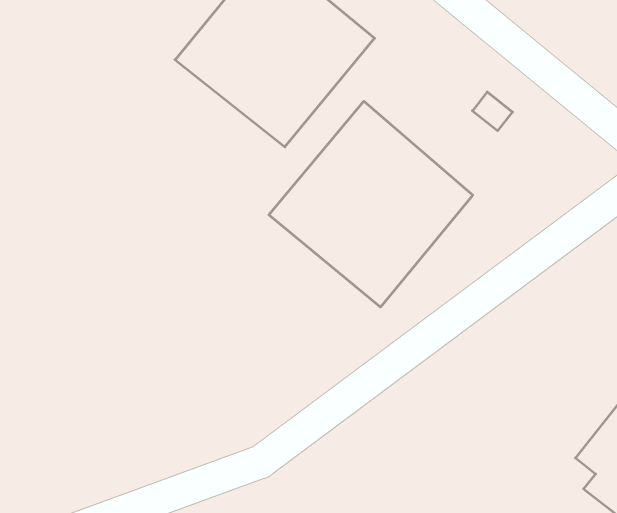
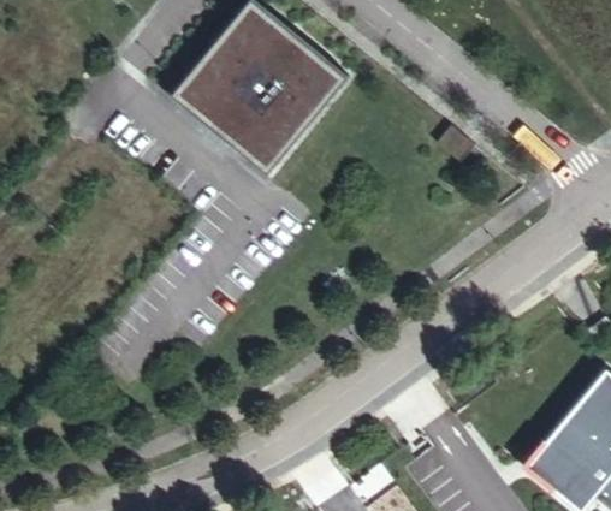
building: [269,101,473,307] -> none

